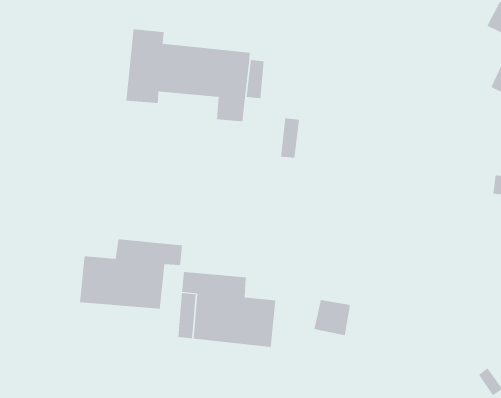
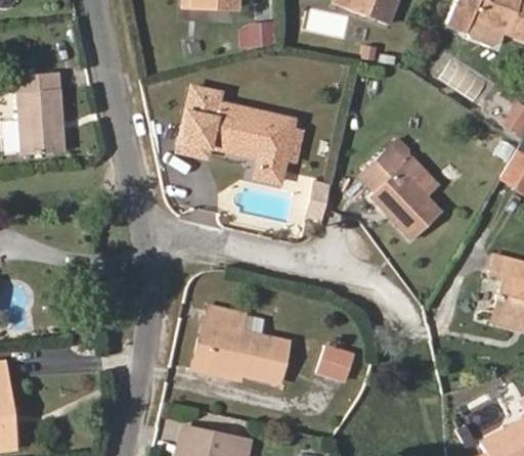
building: none -> [361,139,442,239]
building: [80,238,183,310] -> none

